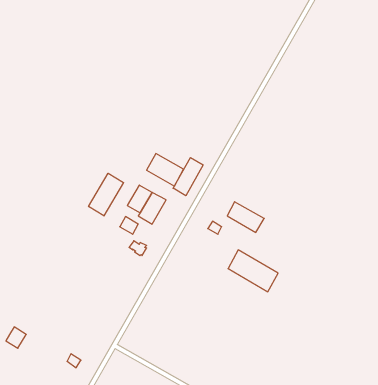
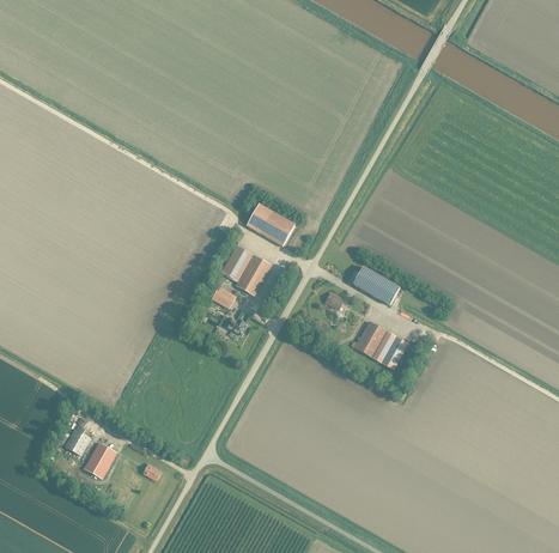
building: [173,158,203,196] -> none
building: [89,173,124,216] -> none
building: none -> [84,442,117,478]

